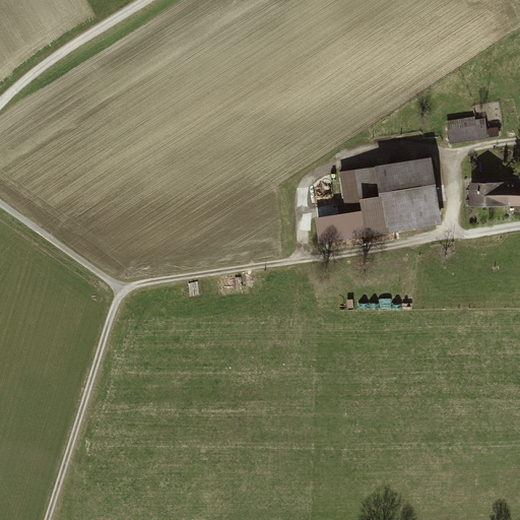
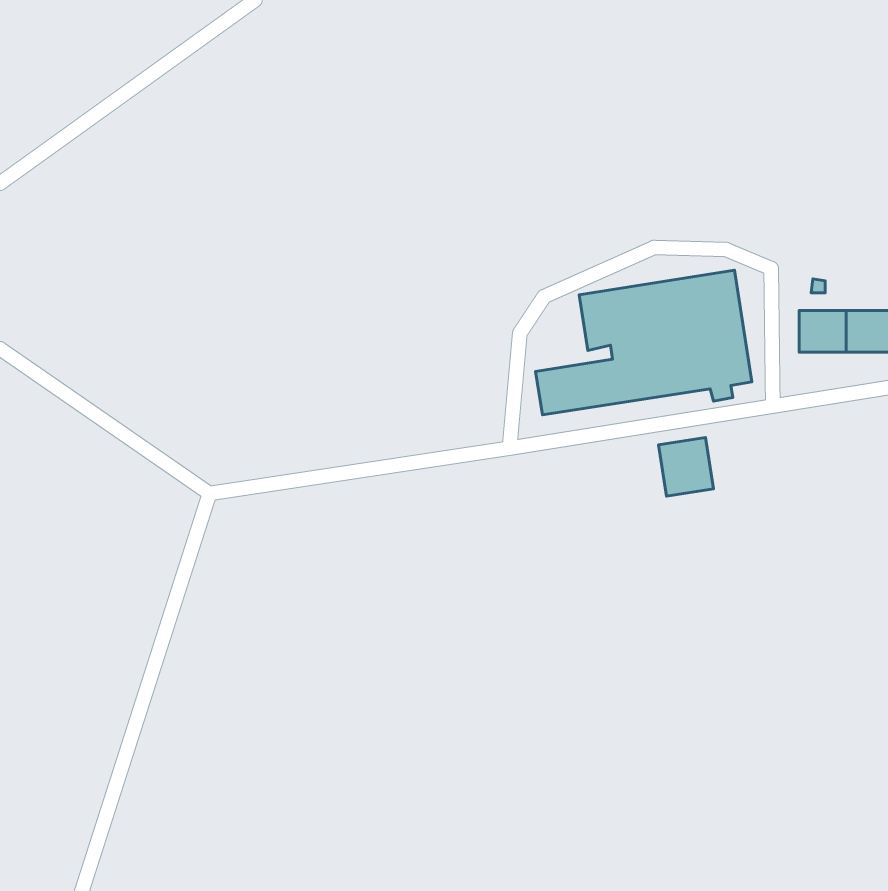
building: [447,118,500,144] -> none
building: none -> [658,437,713,496]

